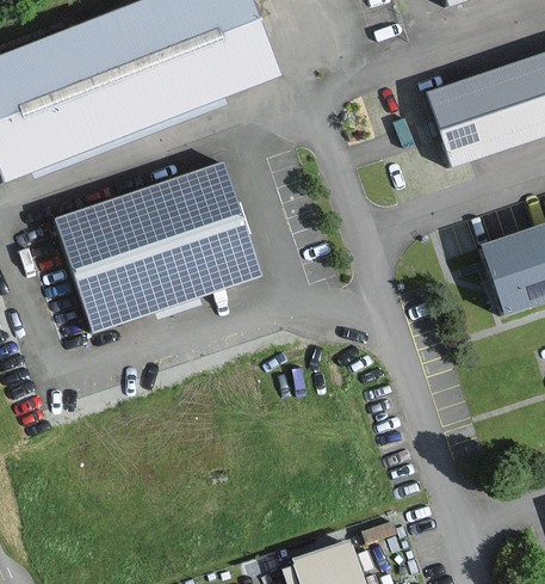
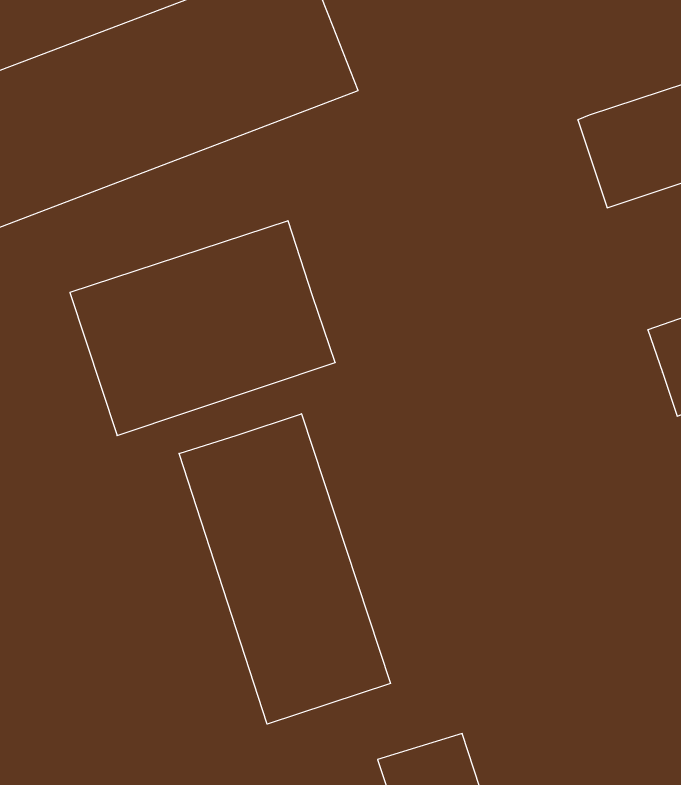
building: none -> [179,414,391,724]

